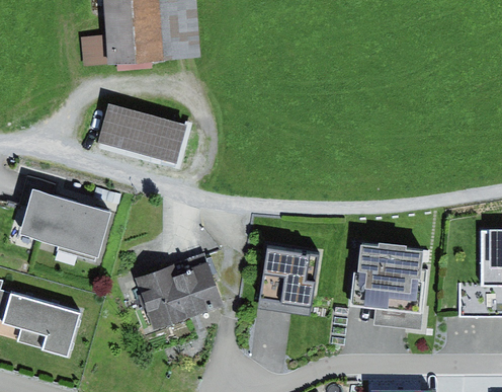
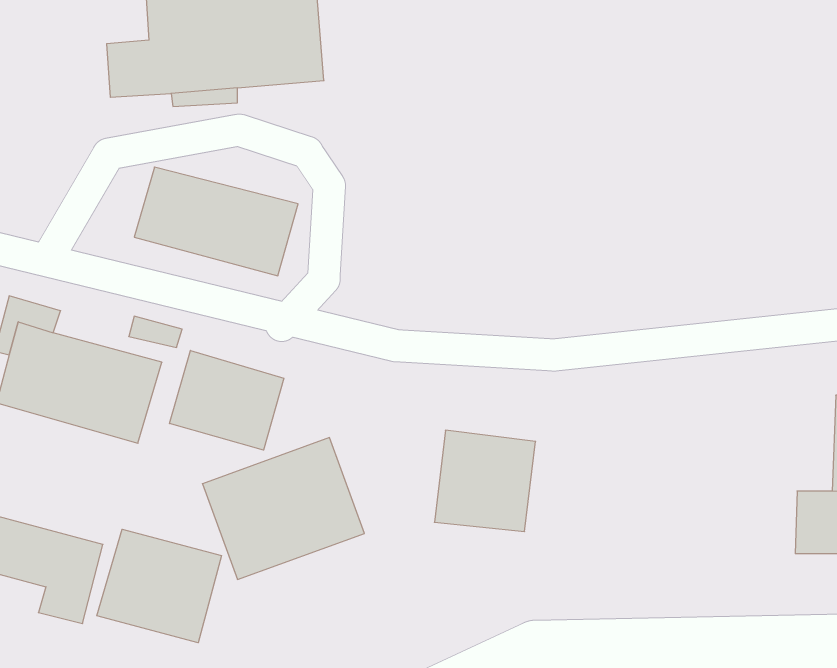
building: none -> [170,350,284,450]
building: [350,243,428,329] -> none
building: none -> [97,529,221,643]

